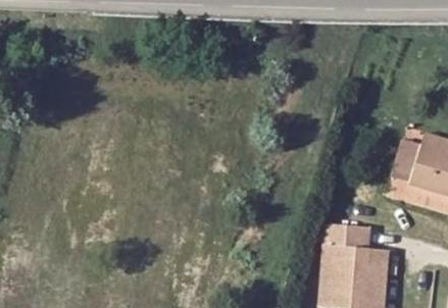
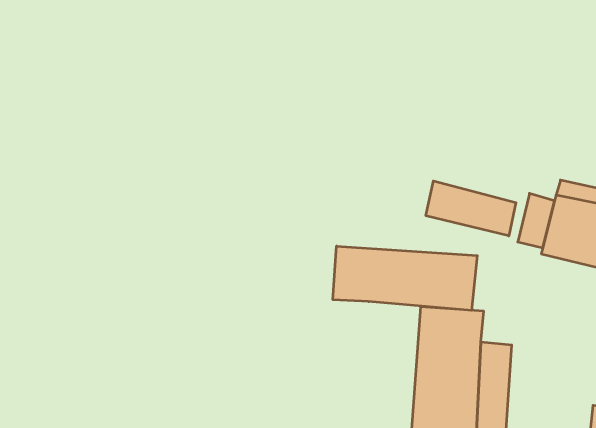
building: none -> [426,181,516,236]
building: none -> [333,246,477,310]

